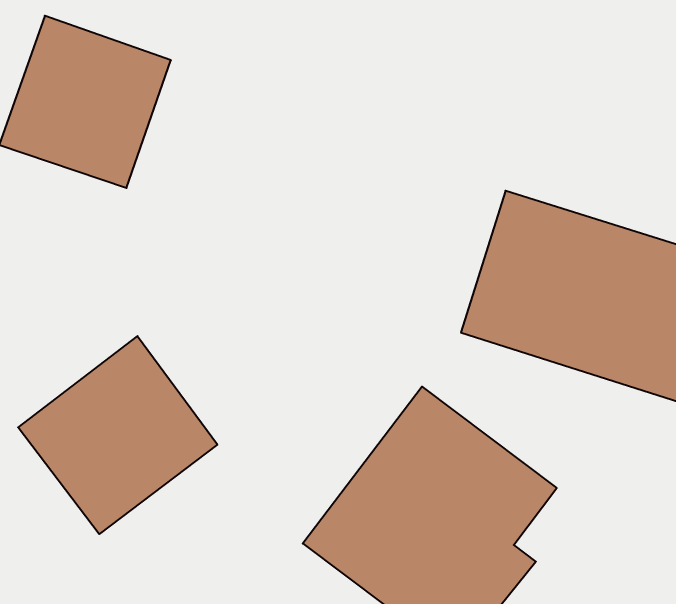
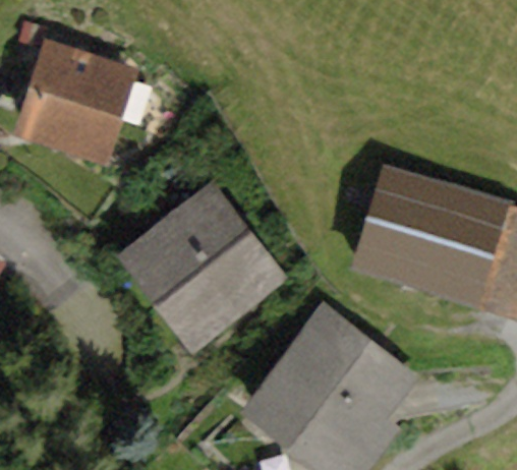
building: none -> [113,179,288,353]
building: [18,336,217,534] -> none

